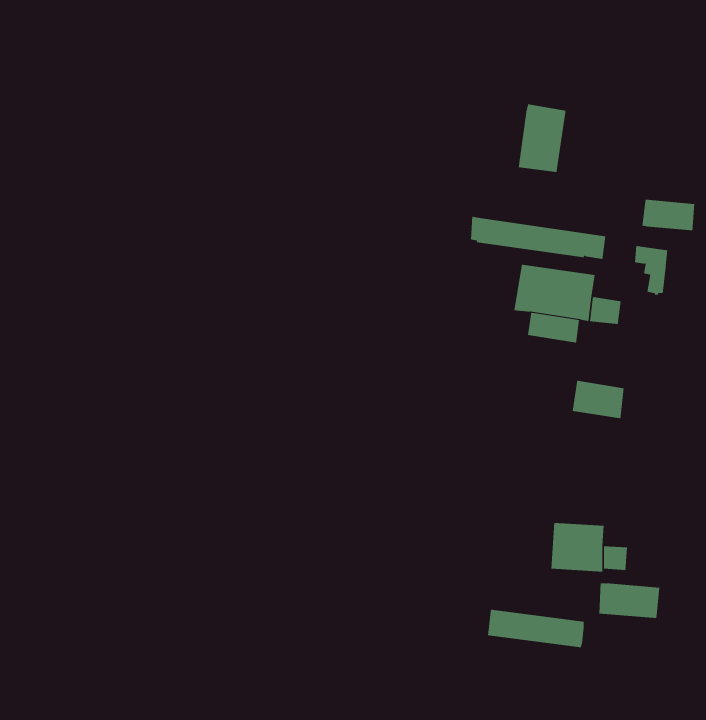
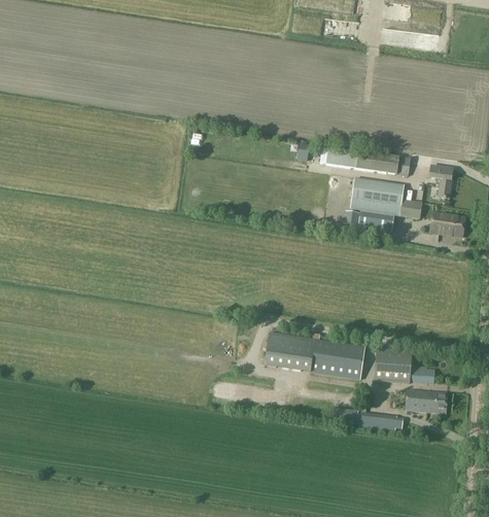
building: [518,103,566,173] -> none
building: [642,199,695,231] -> none
building: [572,380,624,419] -> [430,211,465,237]
building: none -> [266,332,365,378]

